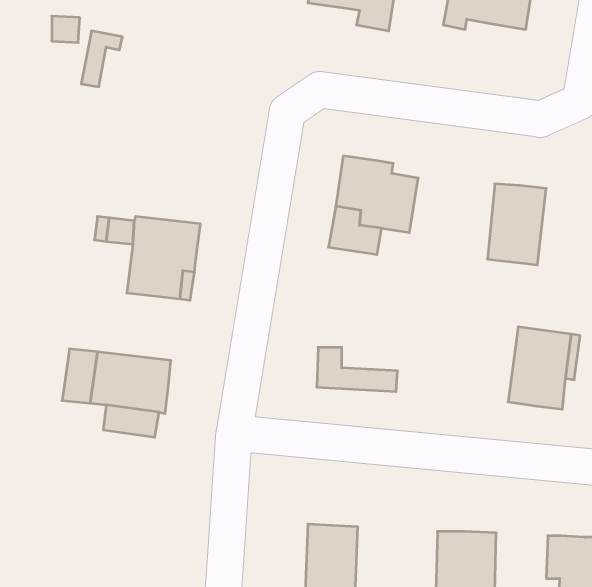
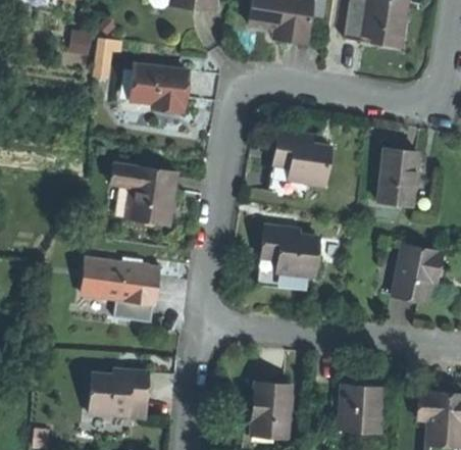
building: none -> [134,65,188,112]
building: none -> [260,229,317,277]
building: none -> [89,371,147,418]

